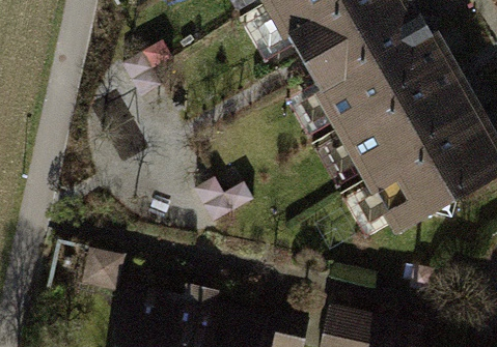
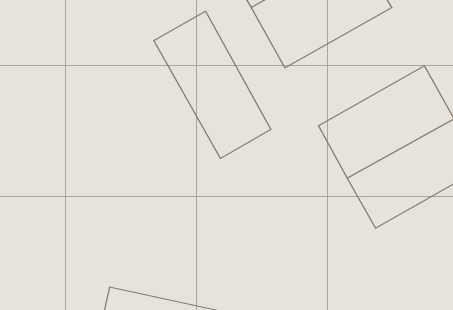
building: [307,9,449,129] -> none
building: none -> [154,11,271,158]

